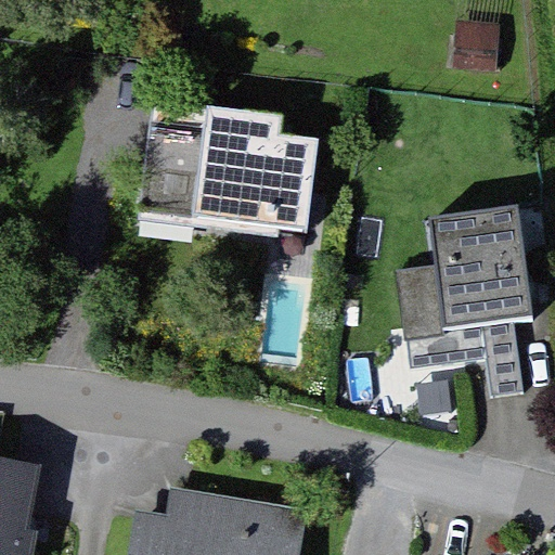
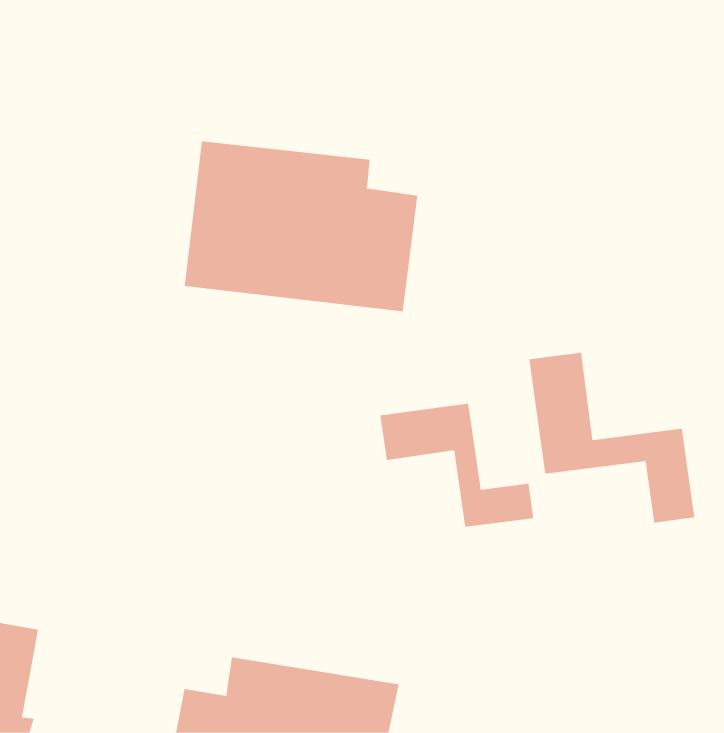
building: [434,211,534,332] -> none
building: none -> [380,403,534,528]

